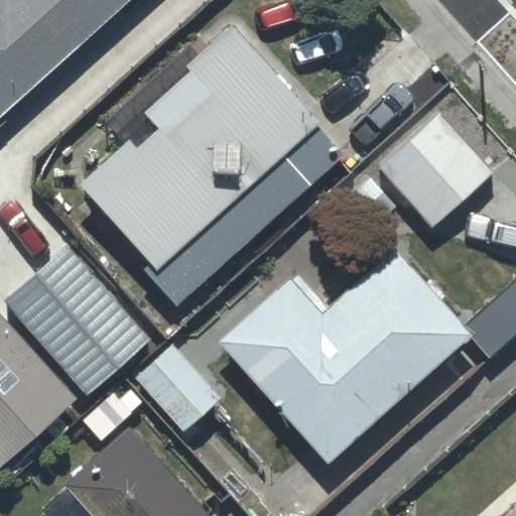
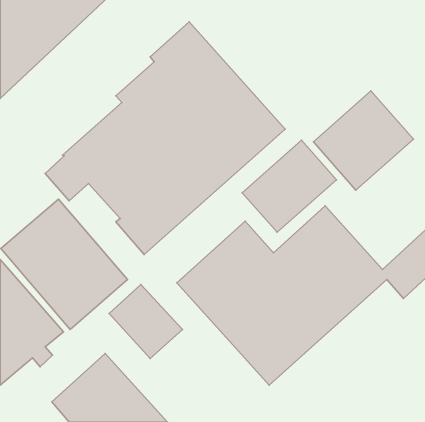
building: none -> [242,140,337,232]

